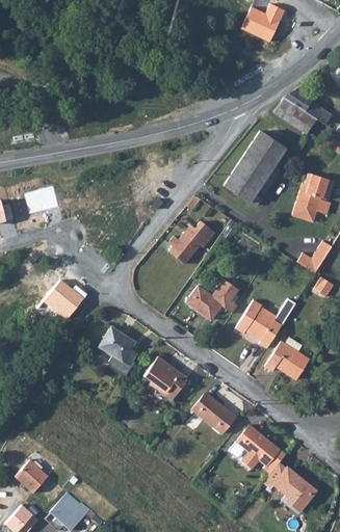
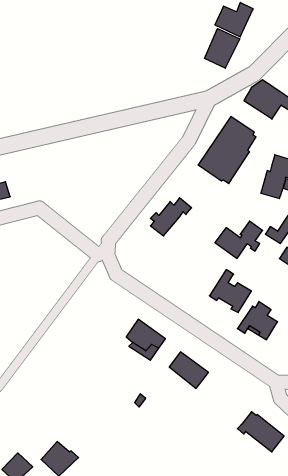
building: none -> [205,29,240,68]
building: [25,186,59,215] -> none
building: [187,278,240,320] -> [215,221,263,258]
building: [44,281,86,320] -> none
building: [100,327,136,376] -> none
building: [229,424,287,474] -> none
building: [16,460,50,494] -> none

